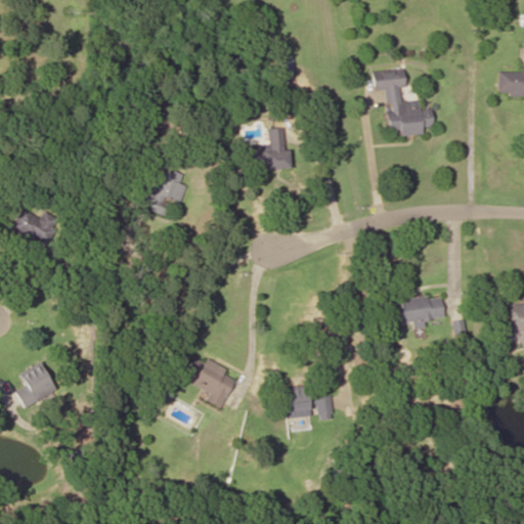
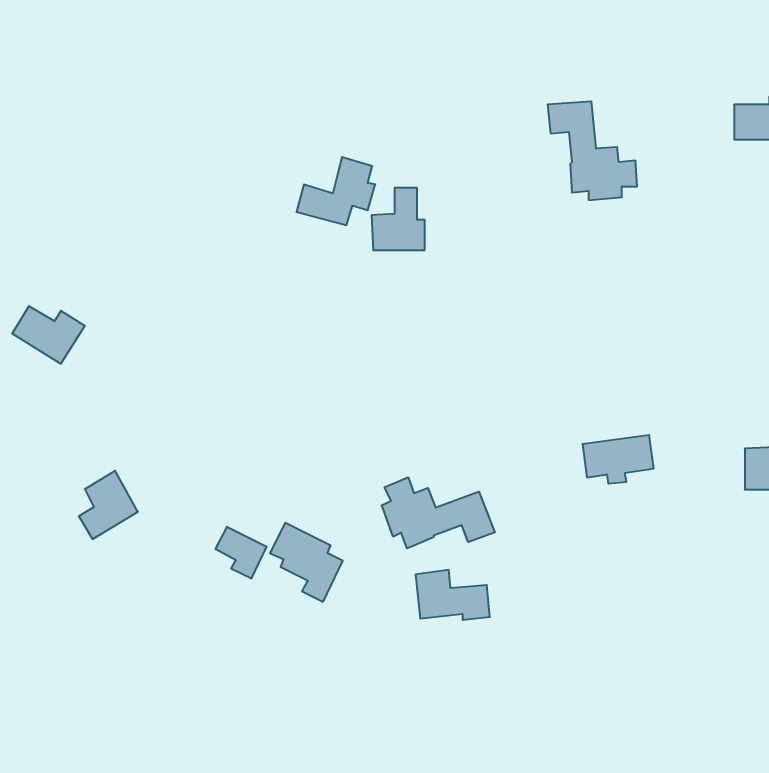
building: [134,167,187,213] -> [296,157,375,225]
building: none -> [382,477,495,548]
building: none -> [216,527,267,579]
building: [16,361,56,407] -> [79,471,138,539]

